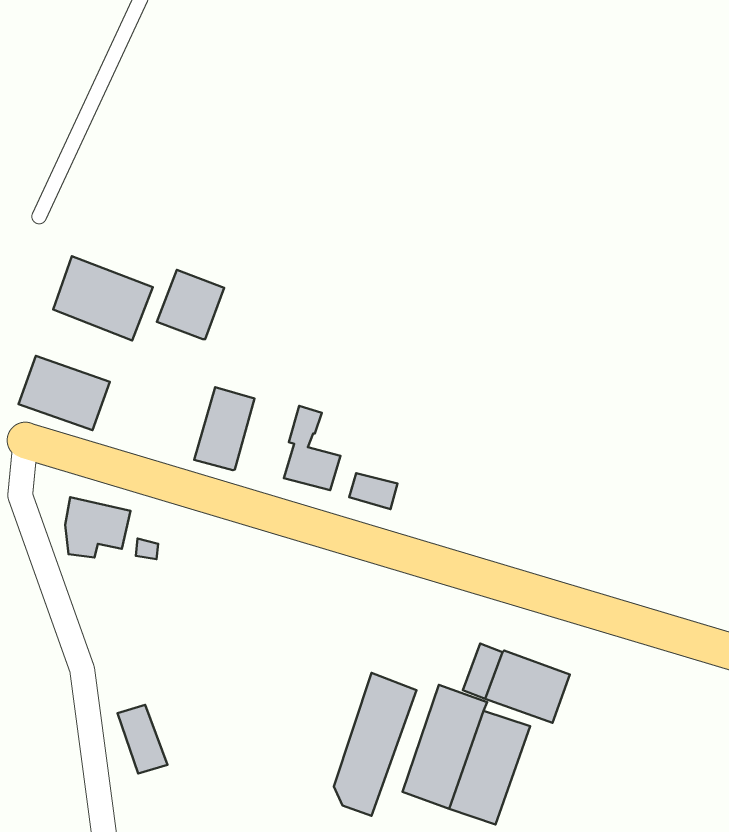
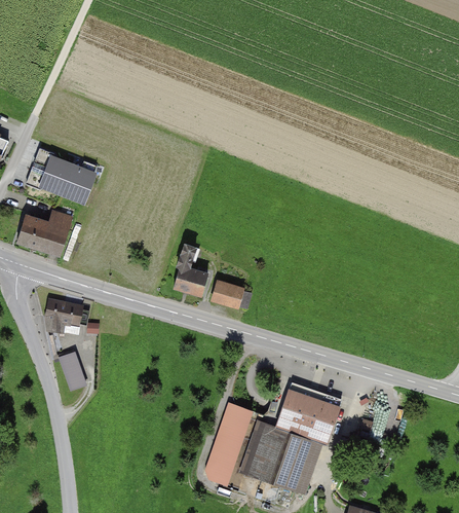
building: [157,270,224,339] -> none
building: [194,387,255,470] -> none
building: [118,705,168,774] -> [58,352,87,393]

